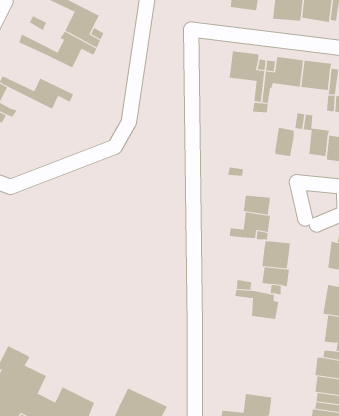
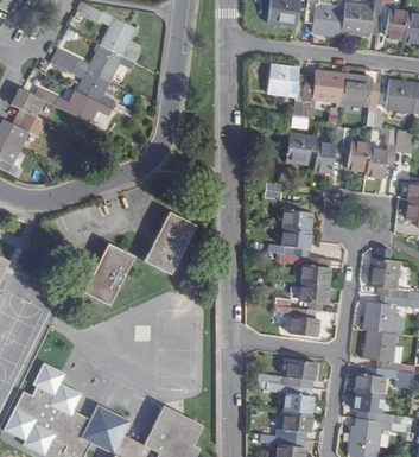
building: none -> [49,56,113,108]
building: none -> [284,133,316,165]
building: none -> [142,214,195,277]
building: none -> [82,246,133,307]
building: none -> [255,360,312,388]
building: none -> [282,392,311,414]

